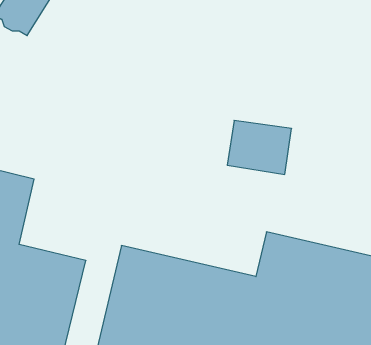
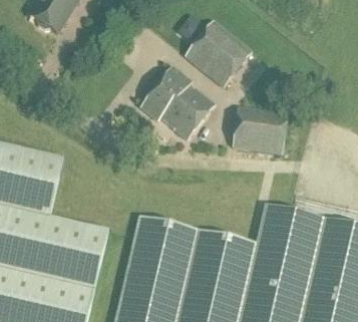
building: none -> [185,21,252,87]
building: none -> [140,66,215,139]

